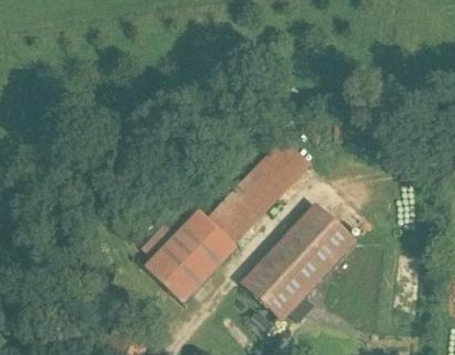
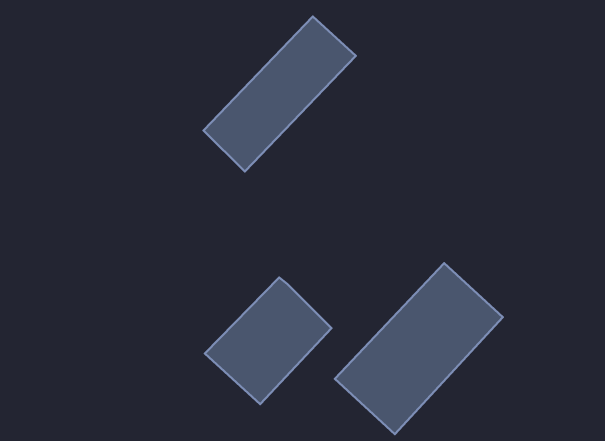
building: [207,137,312,244] -> [204,16,356,172]

